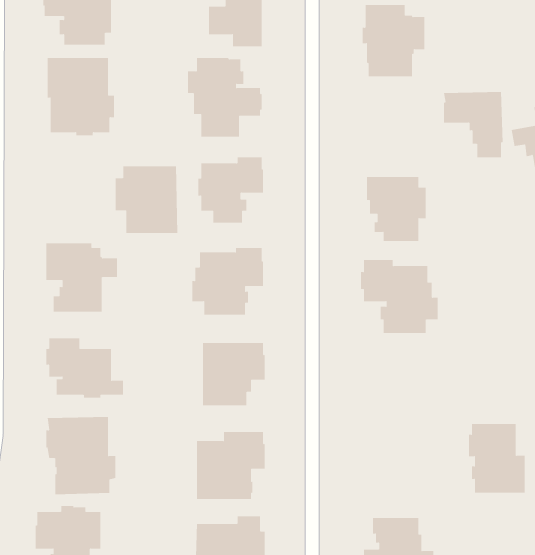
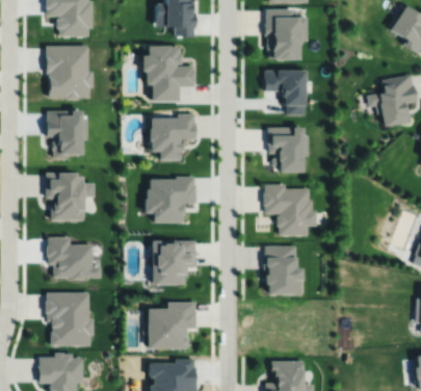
building: [443,91,503,158] -> [264,69,306,114]
building: [115,166,178,234] -> [44,114,87,161]
building: [468,424,525,493] -> [263,246,302,294]

